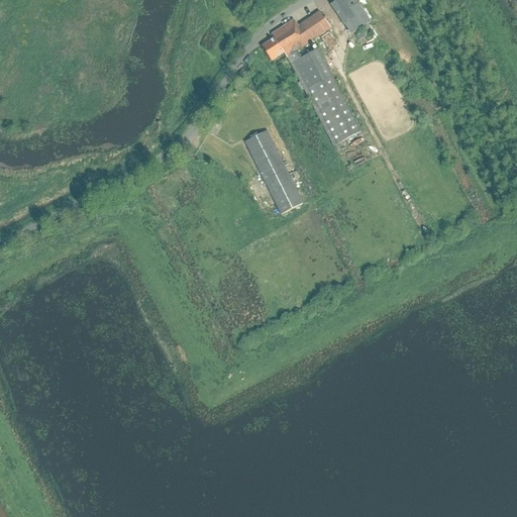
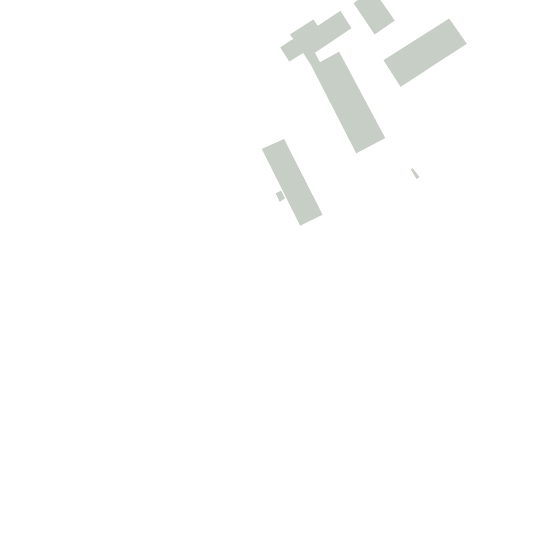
building: none -> [382,17,468,88]

